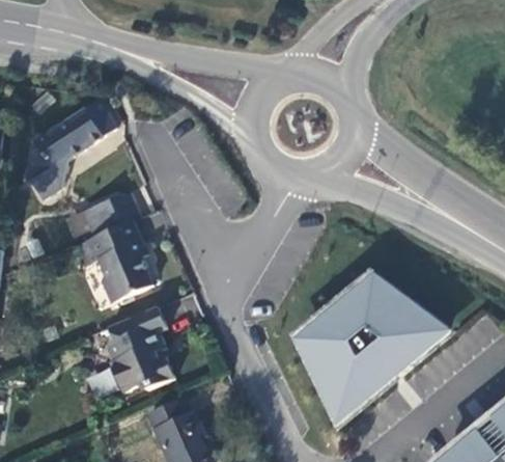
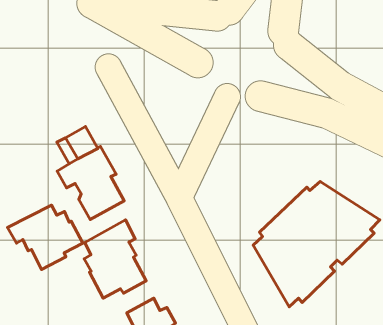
building: [28,100,115,197] -> none
building: none -> [8,205,83,269]

